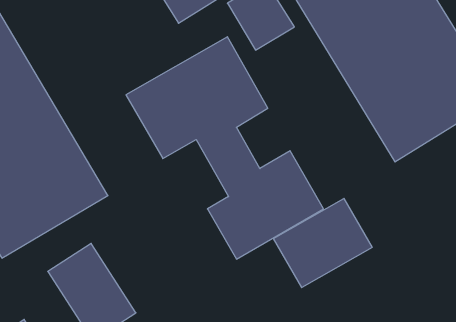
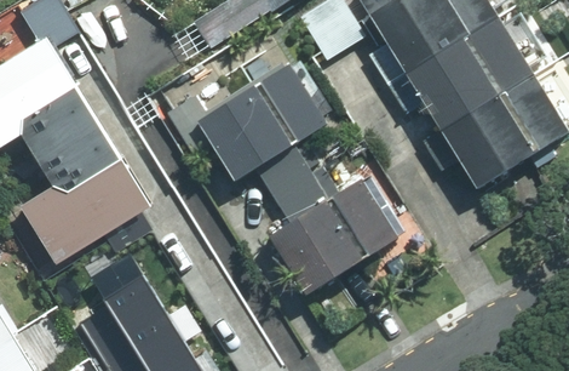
building: [274,198,372,288] -> none

